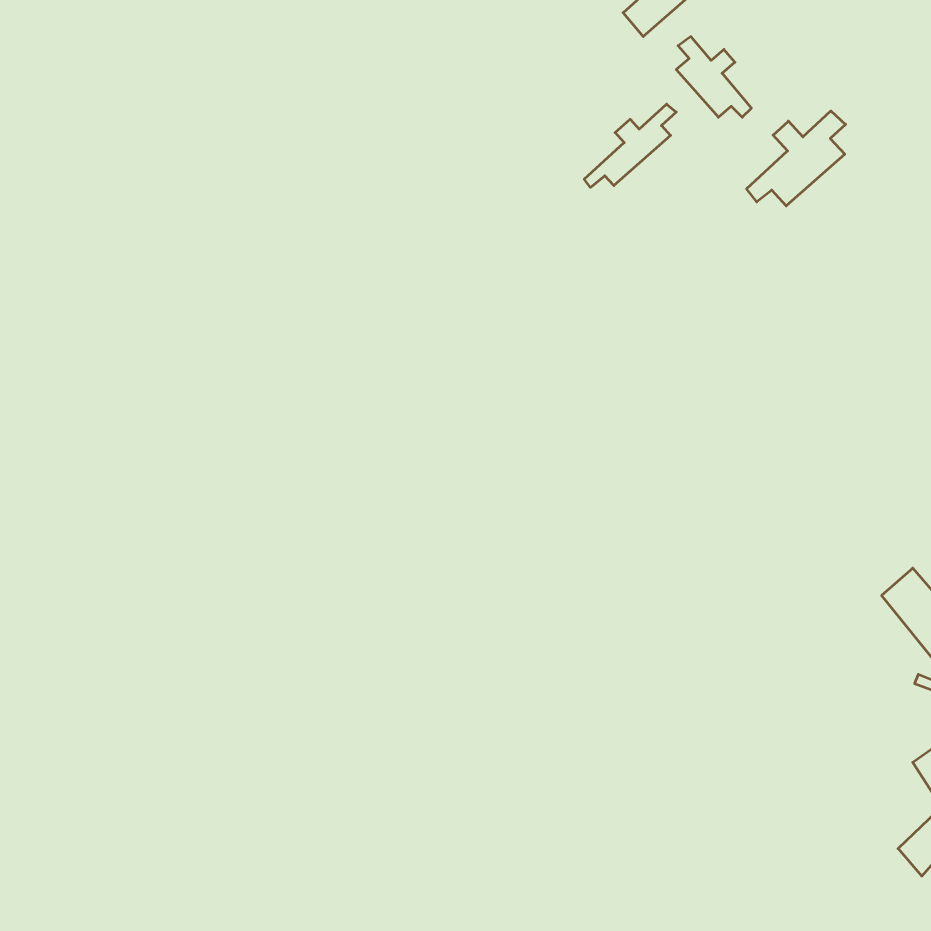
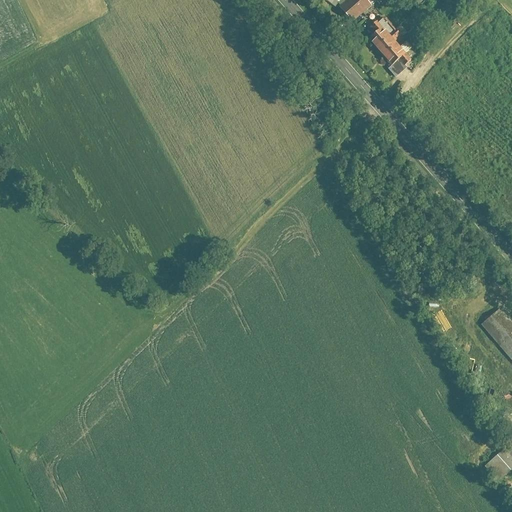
building: [584,104,676,187] -> none
building: [747,111,846,206] -> none

